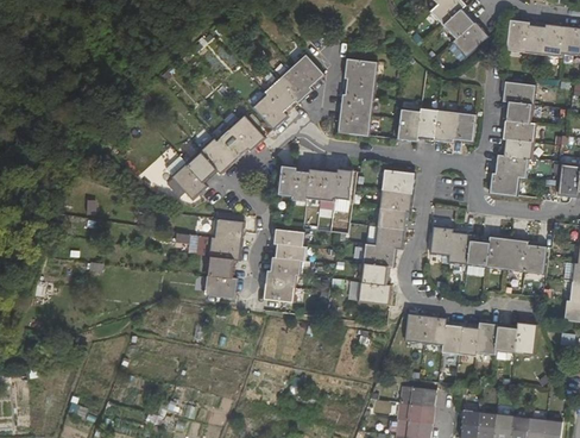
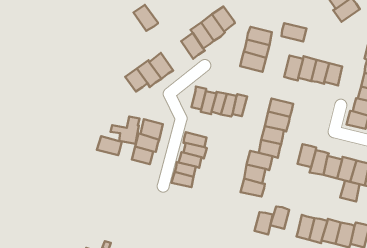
building: [345,60,377,81] -> [282,23,306,41]
building: [229,115,264,150] -> [133,5,158,31]
building: [172,165,206,200] -> none
building: none -> [340,180,360,202]
building: [204,275,237,298] -> [97,136,122,155]
building: [423,317,445,345] -> [254,212,272,234]

